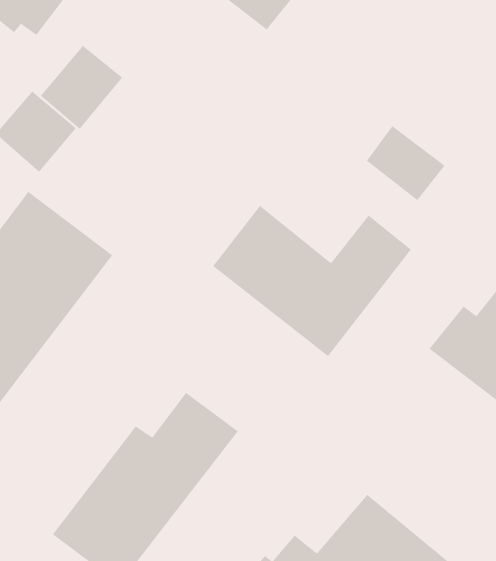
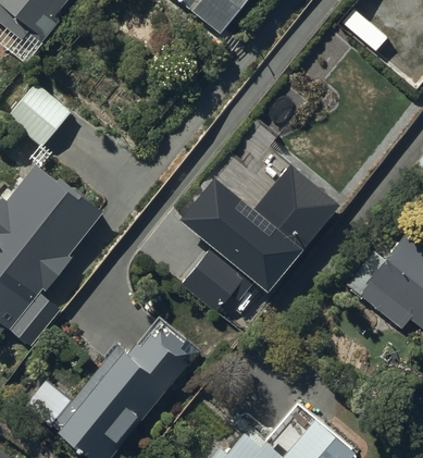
building: [40,45,123,130] -> none
building: [366,125,445,201] -> none
building: none -> [181,252,245,317]

